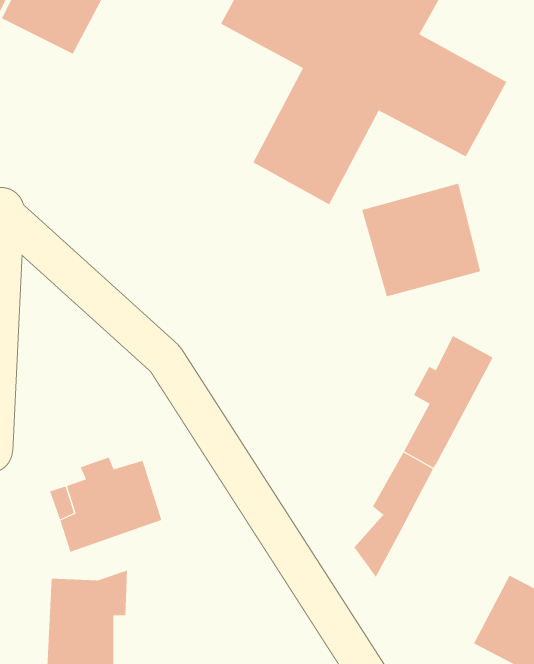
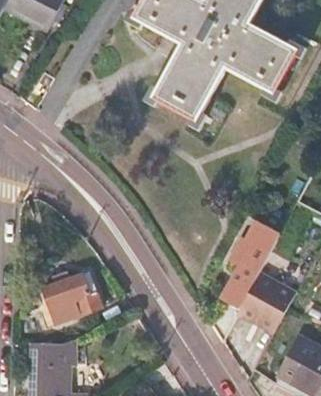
building: [361,183,481,297] -> none
building: none -> [237,274,295,333]

